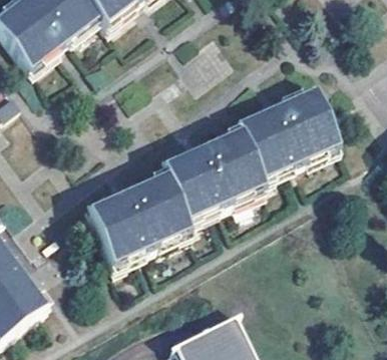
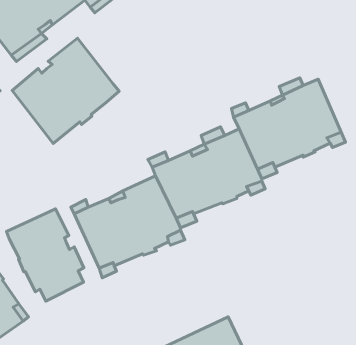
building: none -> [12,38,119,143]
building: none -> [7,209,84,301]

